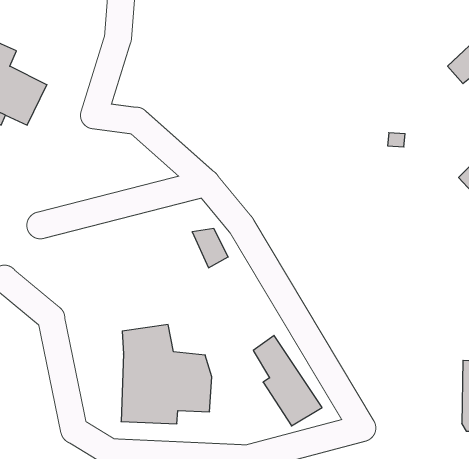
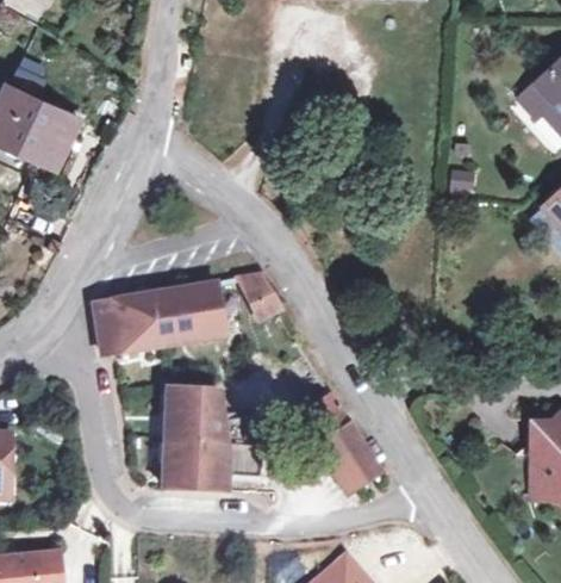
building: none -> [94,285,222,355]

